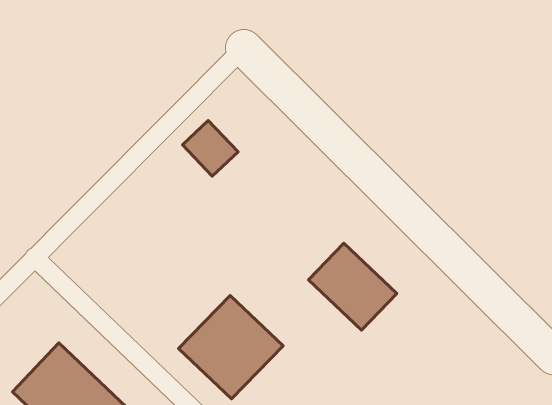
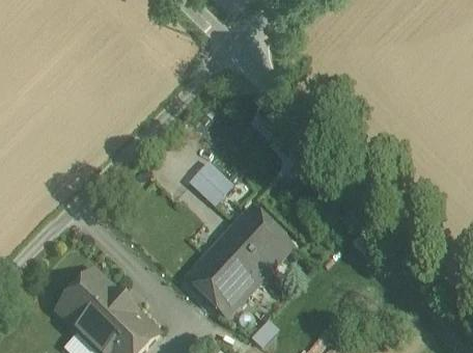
building: [182,121,238,176] -> [192,161,234,203]
building: [308,243,397,330] -> [225,209,293,275]

